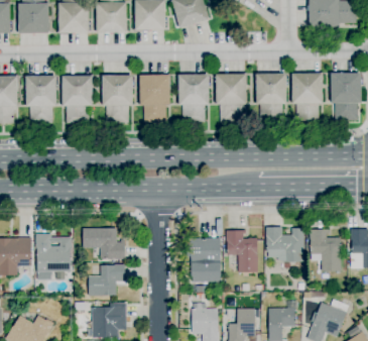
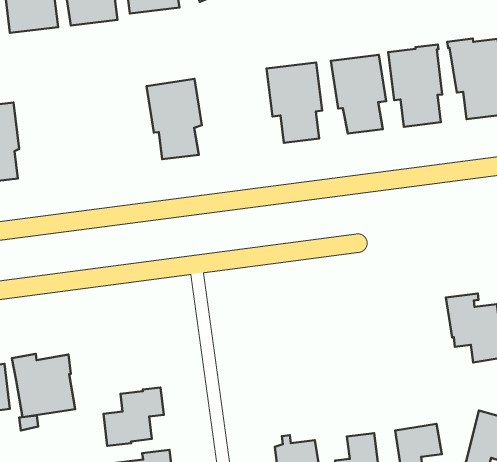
building: [178,74,210,122] -> none
building: [63,75,94,123] -> none
building: [103,75,133,122] -> none
building: [84,227,125,258] -> none
building: [266,227,304,261] -> none
building: [227,230,258,271] -> none
building: [188,238,221,282] -> none

